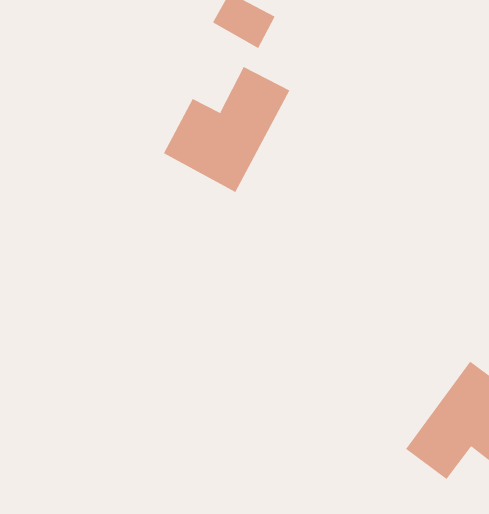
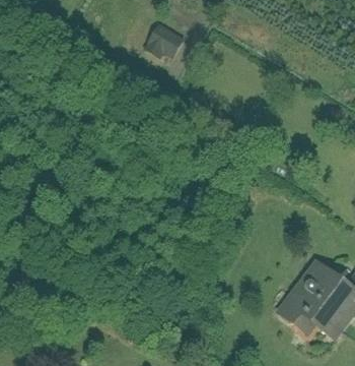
building: [163,66,290,193] -> none

